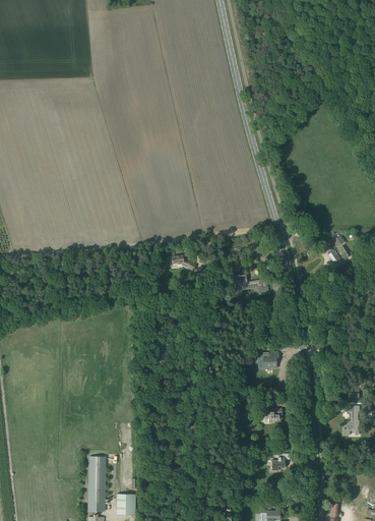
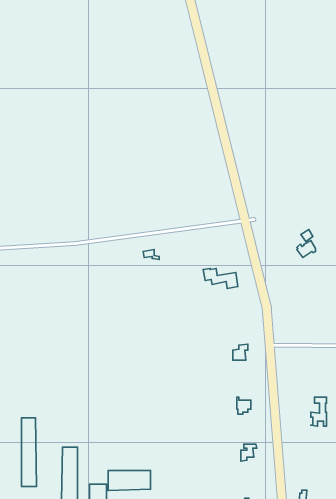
building: none -> [21,418,36,487]
building: none -> [108,471,150,490]

